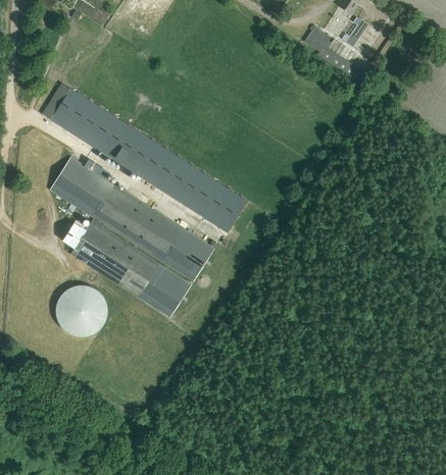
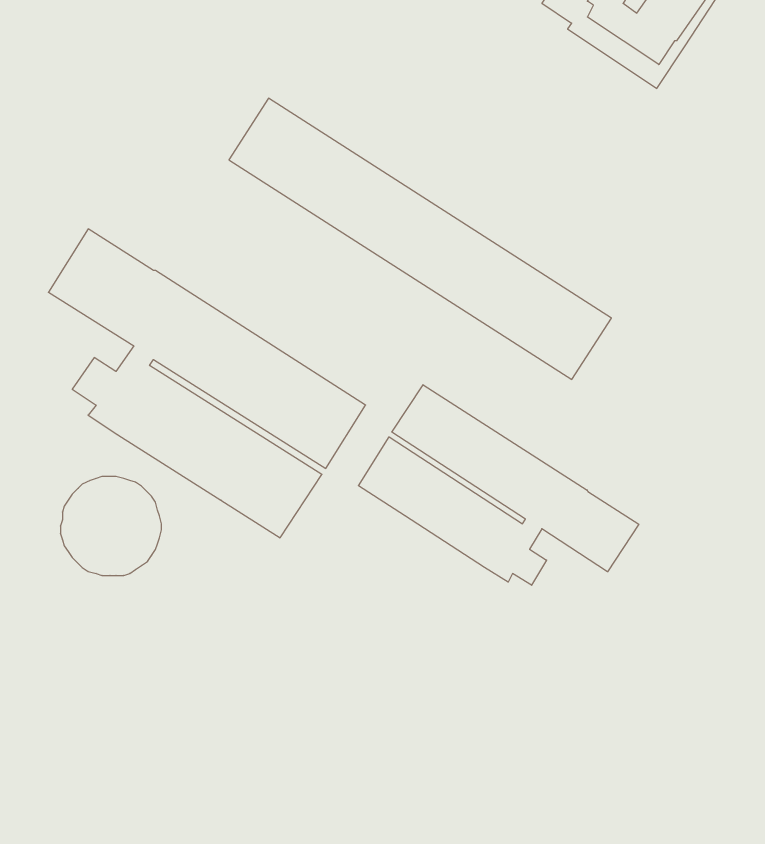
building: [50,88,247,232] -> [229,98,611,379]
building: none -> [358,385,639,585]

